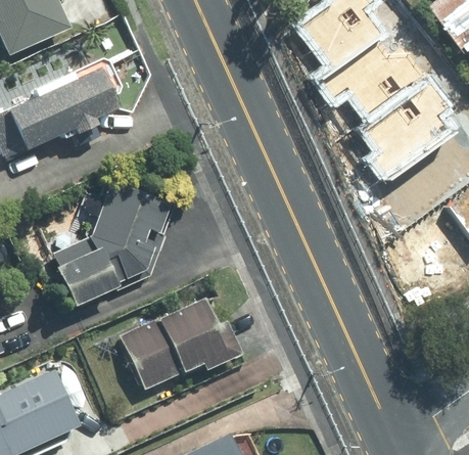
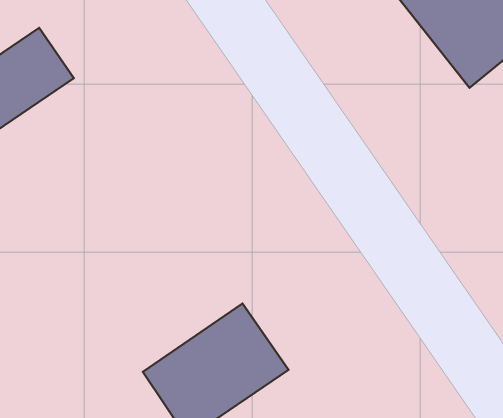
building: [47,193,170,309] -> none

